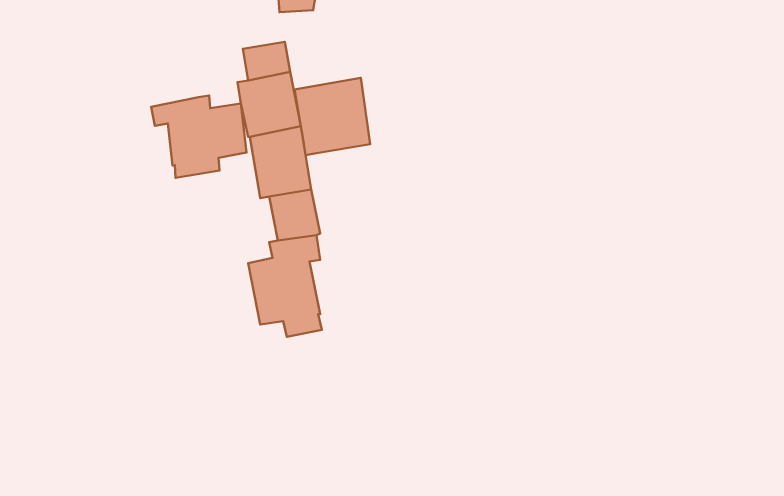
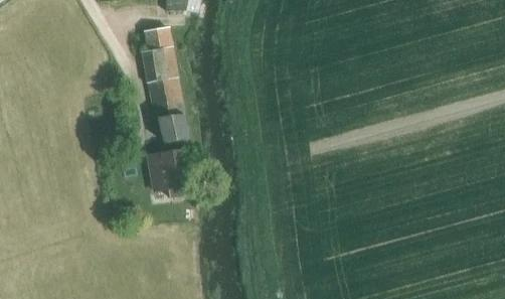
building: [294,78,370,155] -> none
building: [151,95,246,178] -> none

